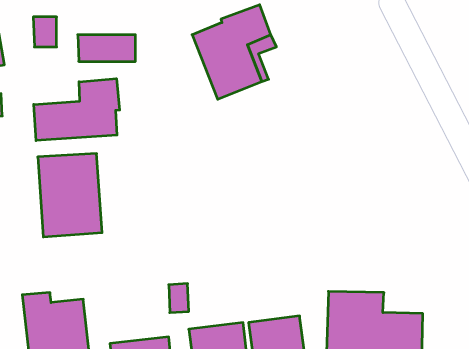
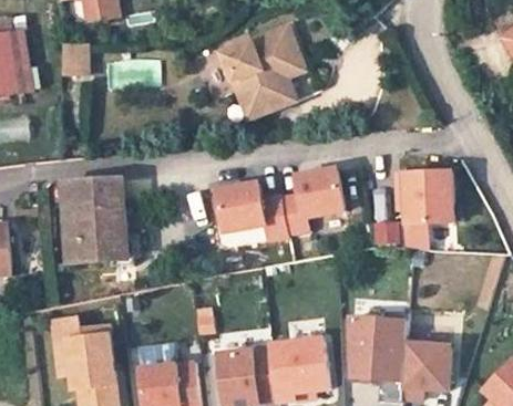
building: [34,79,120,141] -> none
building: none -> [397,168,452,249]
building: none -> [215,169,345,239]

